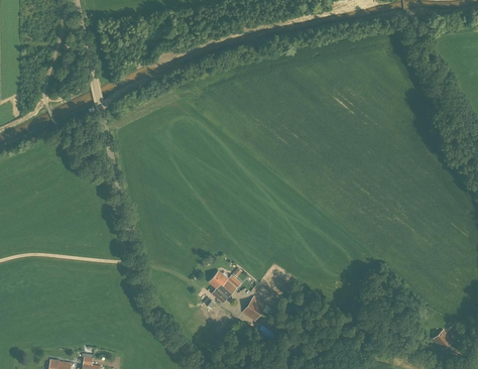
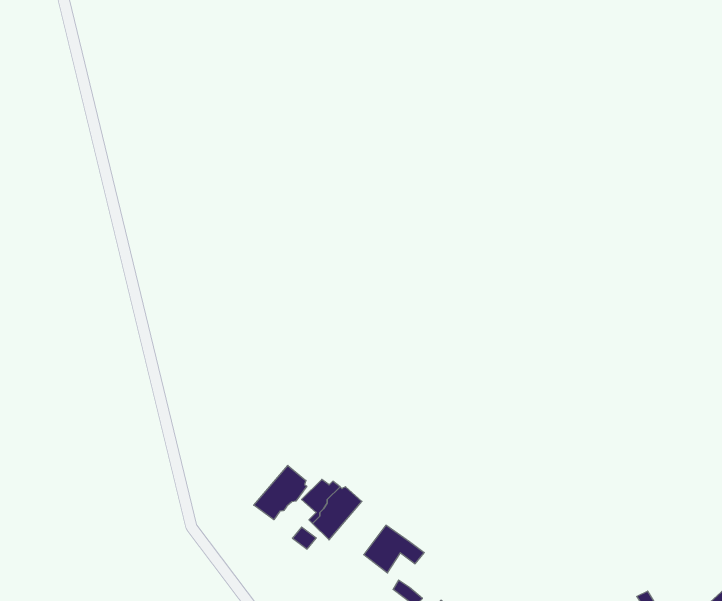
building: none -> [254,465,307,520]

